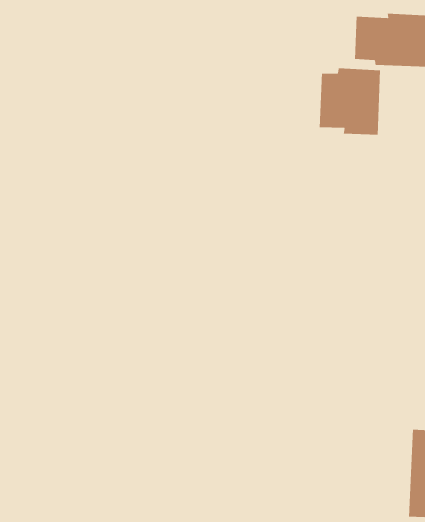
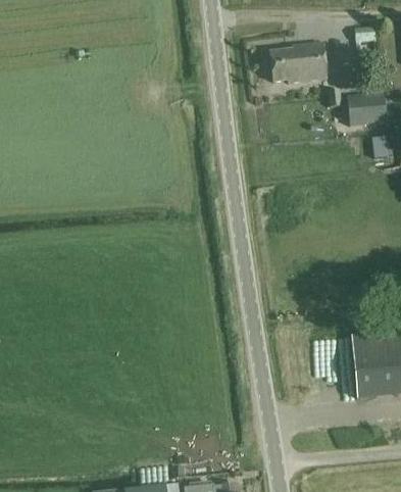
building: [319,67,380,136] -> none

